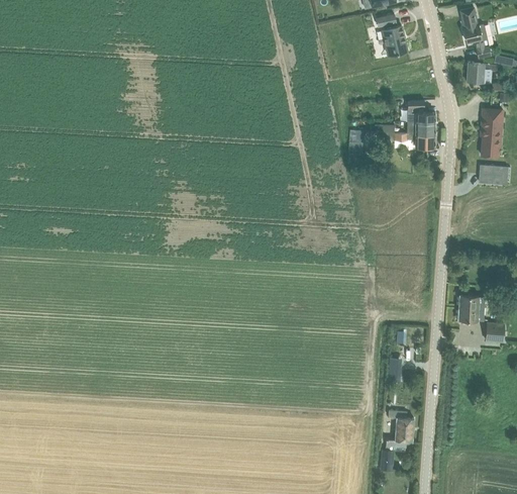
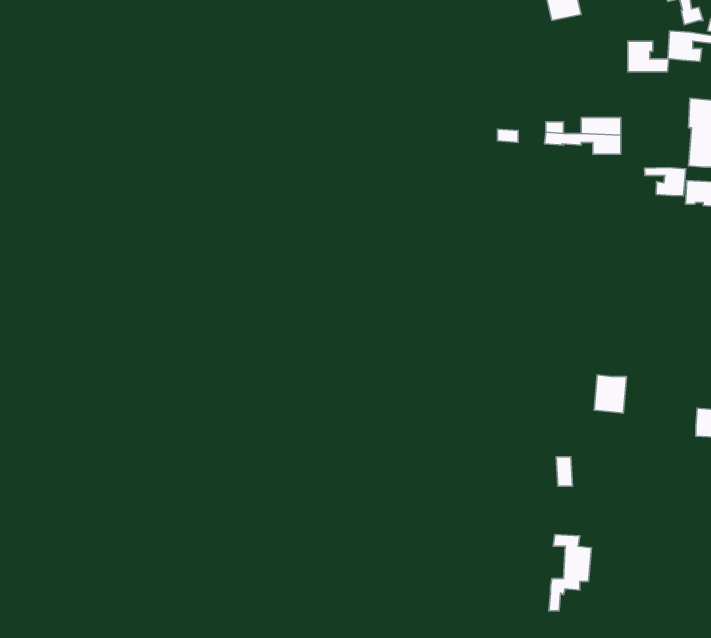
building: [407,101,435,122] -> [628,41,669,72]
building: none -> [644,168,686,196]
building: [457,295,480,321] -> [594,375,627,413]

